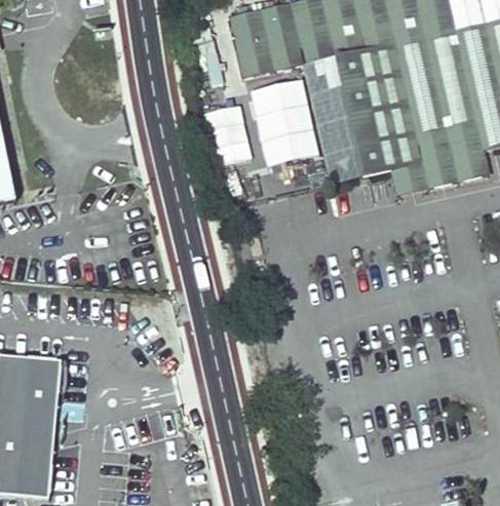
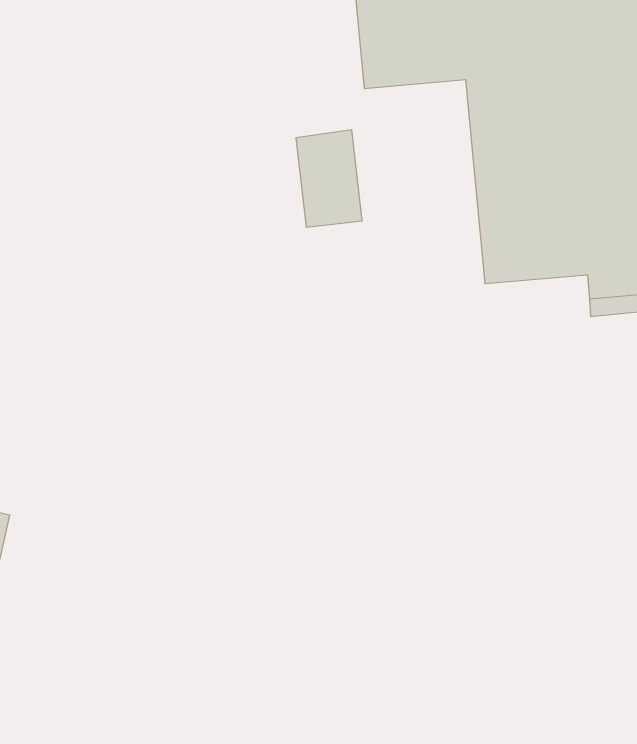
building: [249,79,319,166] -> none

